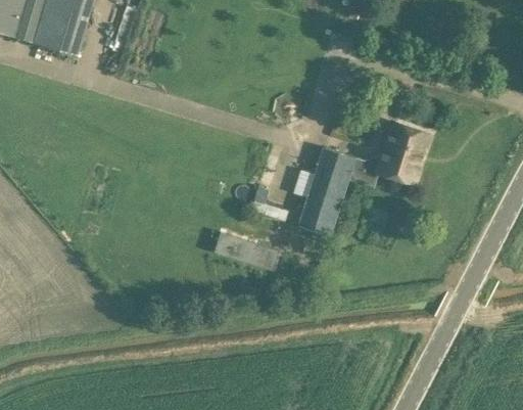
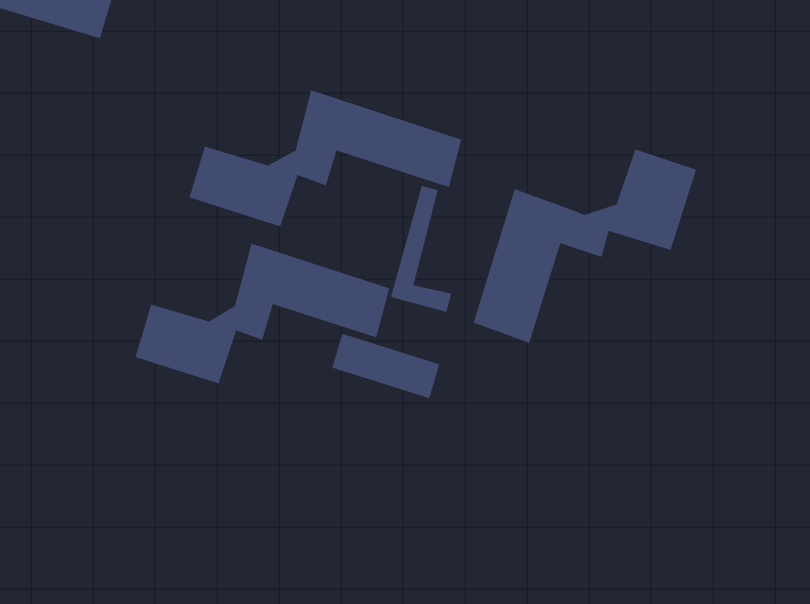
building: none -> [189,90,462,227]
building: none -> [135,243,390,384]

